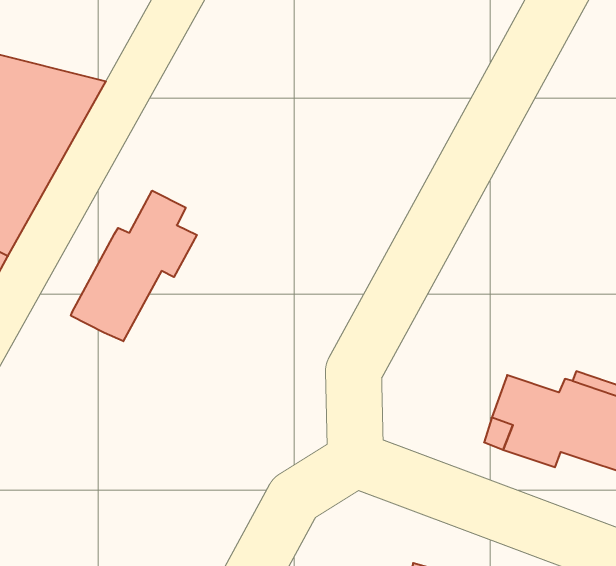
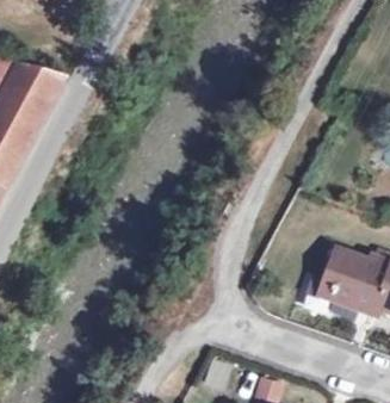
building: [71,191,197,341] -> none

